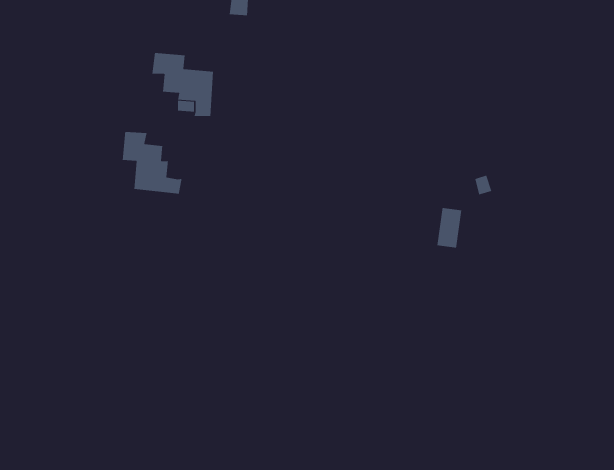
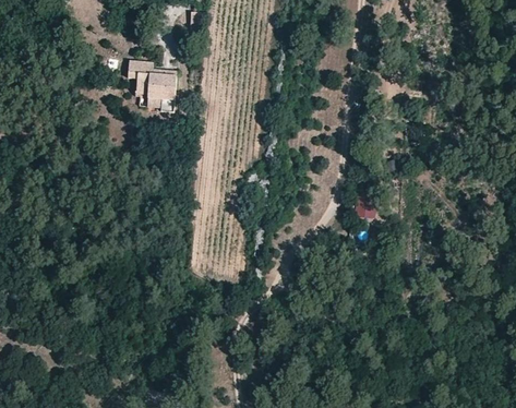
building: [122,131,182,194] -> none

